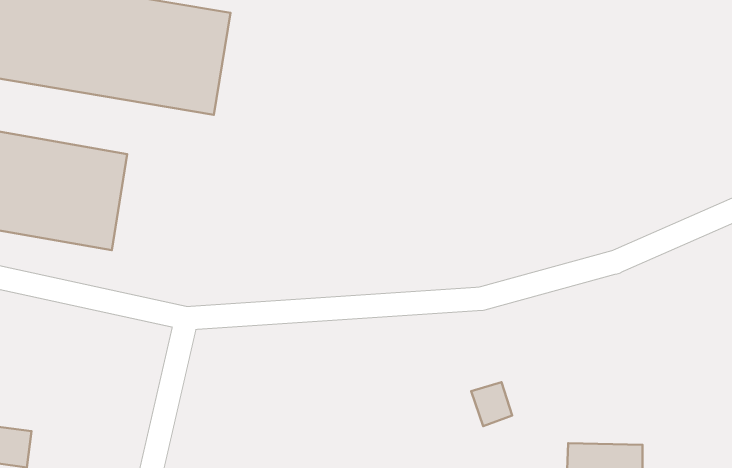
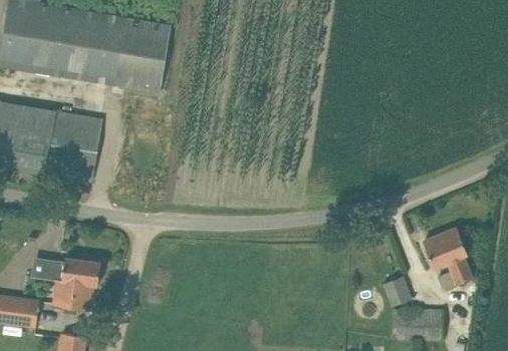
building: none -> [425,232,472,289]
building: none -> [43,257,100,308]
building: [471,382,512,426] -> [383,277,410,306]

